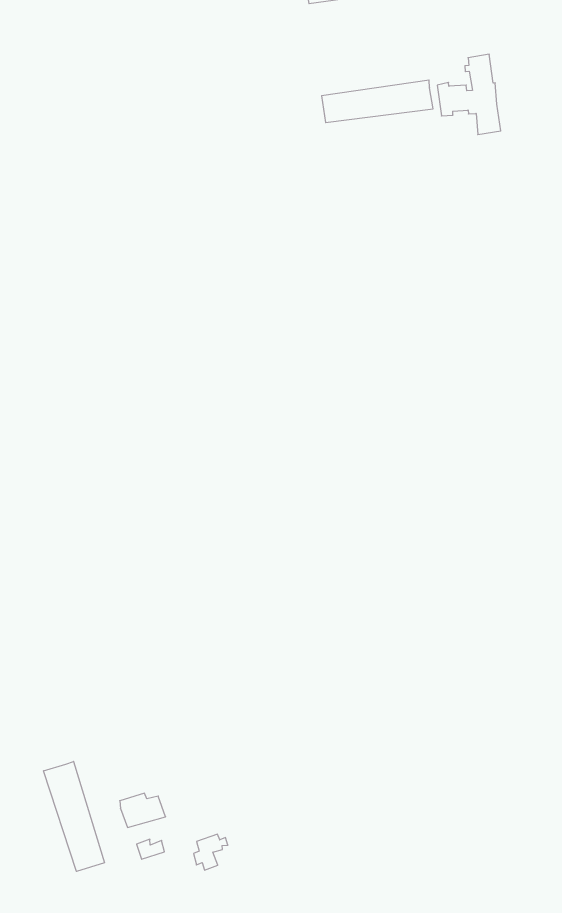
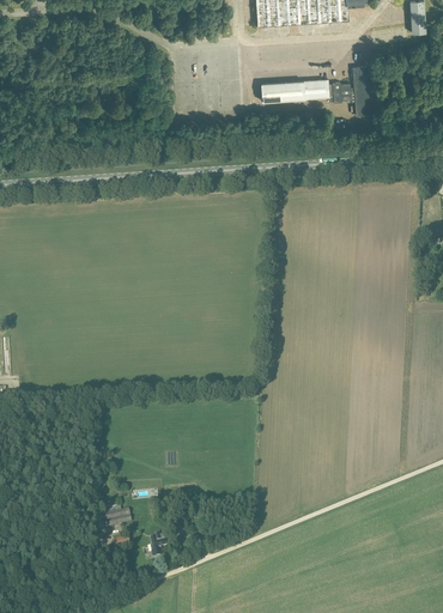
building: [44,761,105,871] -> none

